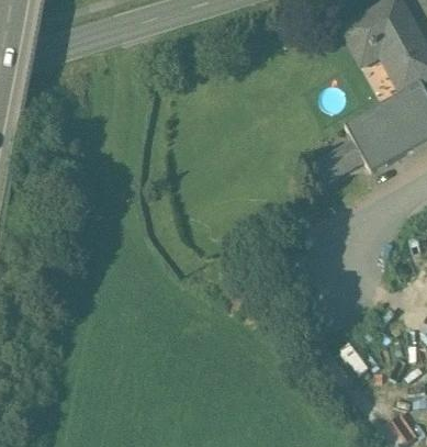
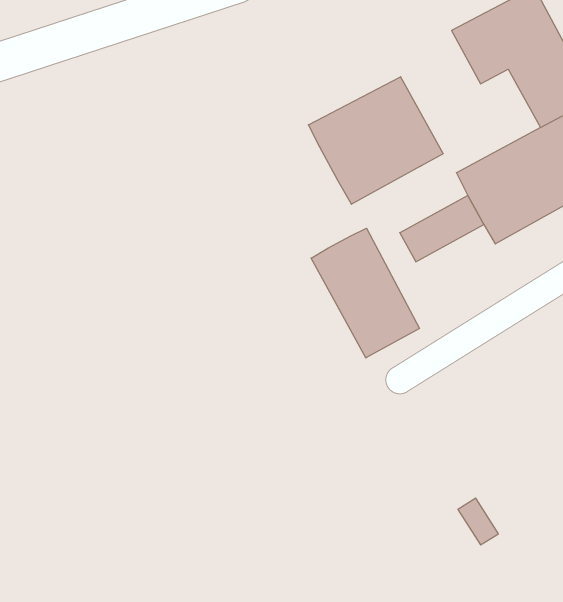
building: none -> [308,77,443,204]
building: none -> [311,228,419,358]

